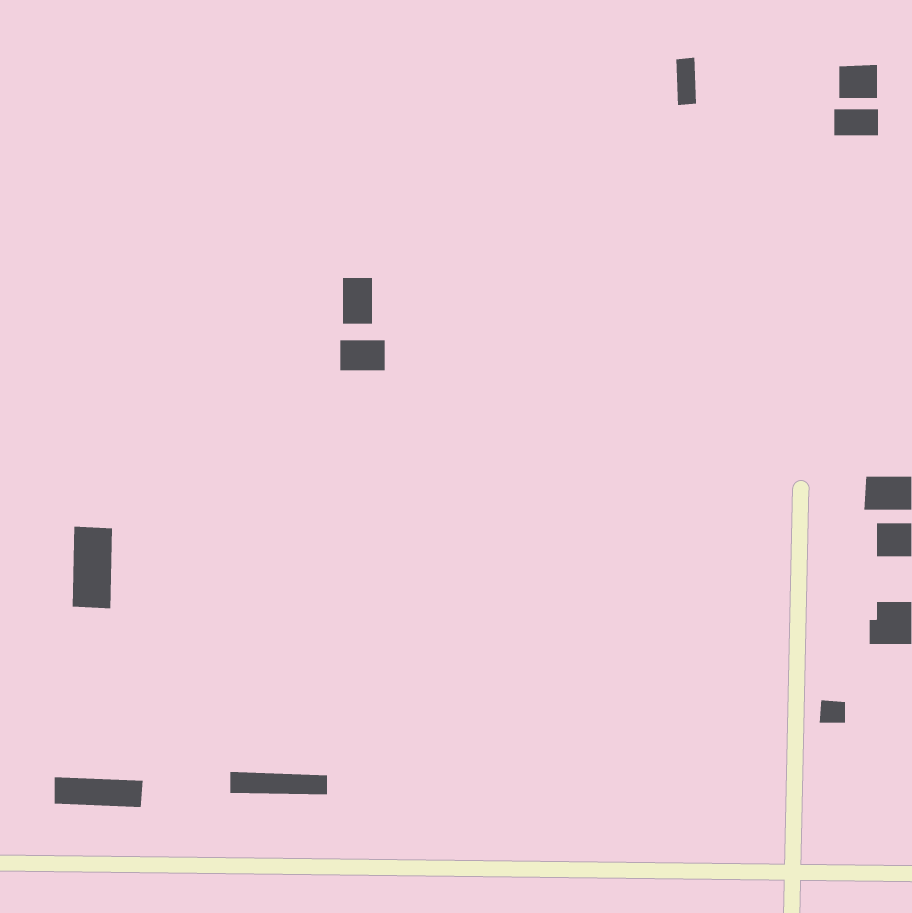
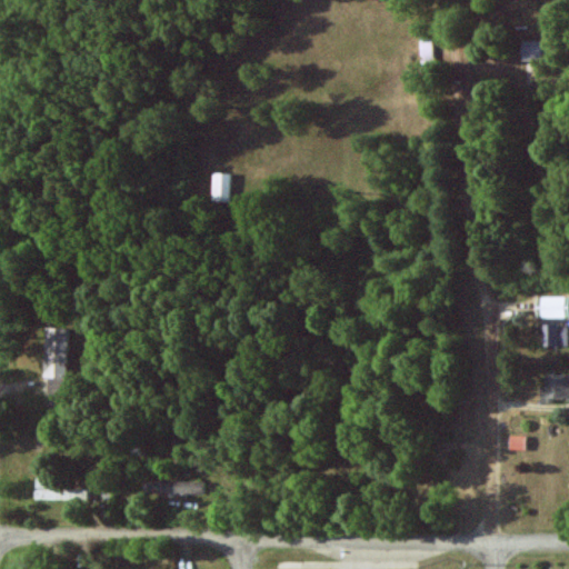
building: [834,108,879,136] -> none
building: [340,339,385,371] -> none

